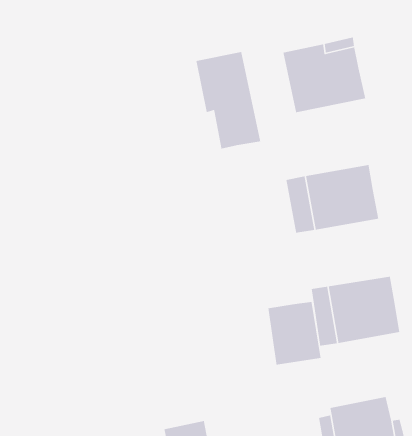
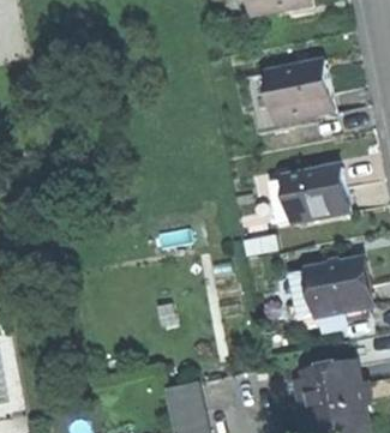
building: [195,51,261,149] -> none
building: [268,301,321,366] -> none

